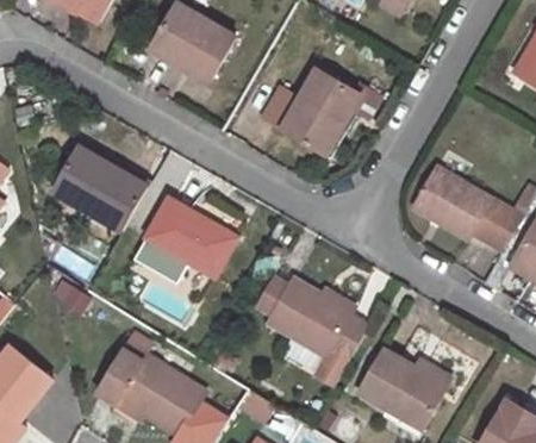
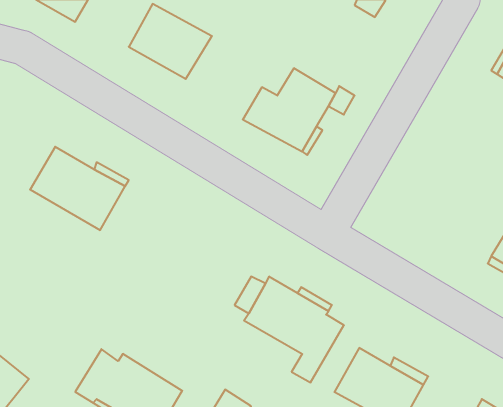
building: [412,167,521,250] -> none
building: [135,200,236,282] -> none

